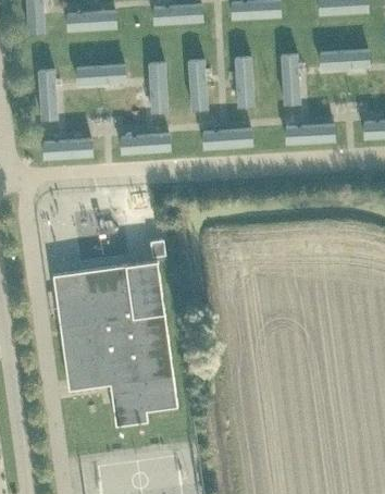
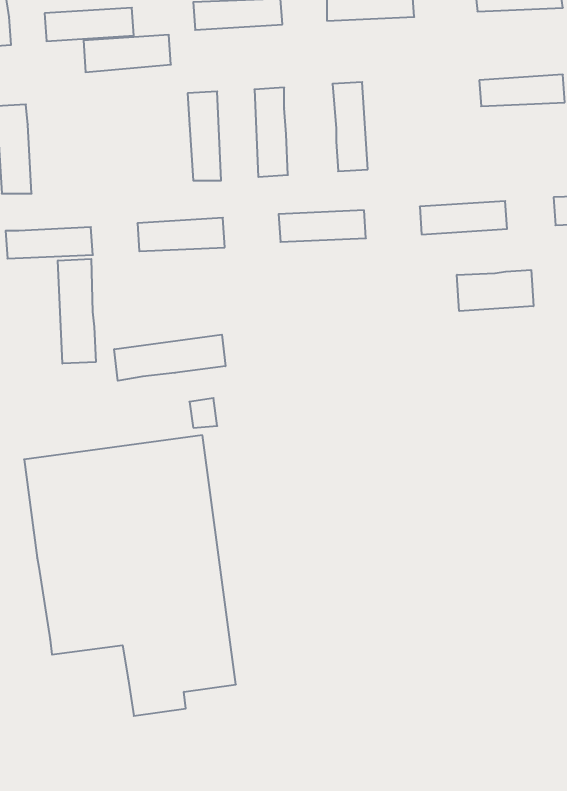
building: [281,51,299,103] -> none
building: [74,63,125,85] -> [84,35,171,72]
building: none -> [58,259,96,364]
building: none -> [457,270,533,311]
building: none -> [114,335,225,381]

